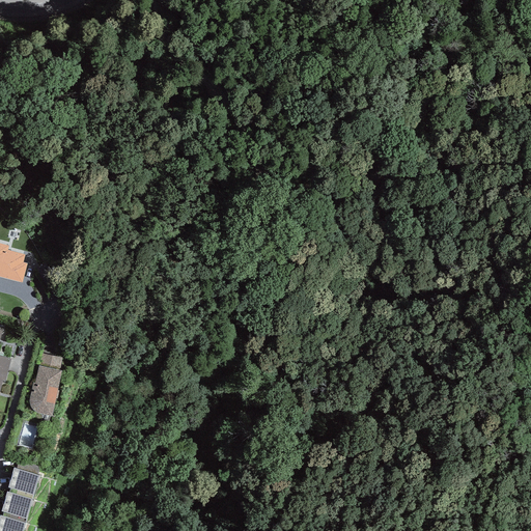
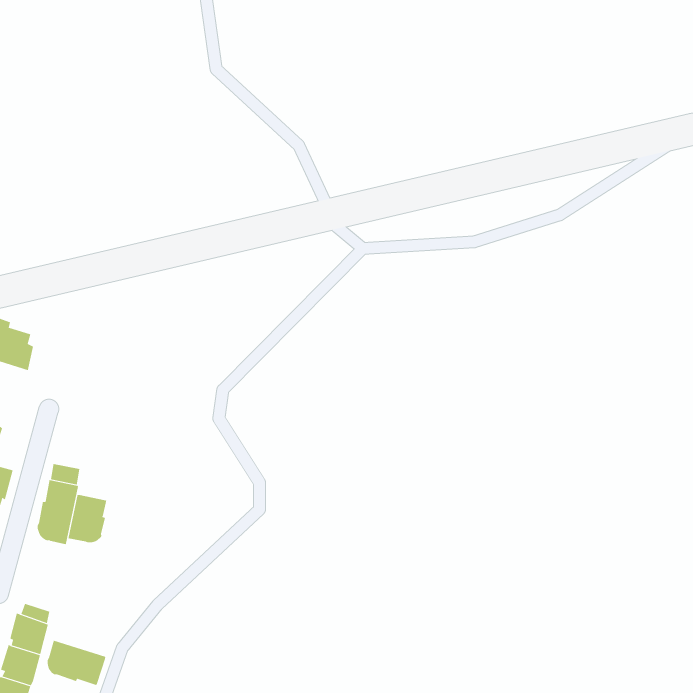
building: none -> [68,494,107,543]
building: none -> [47,640,106,686]

